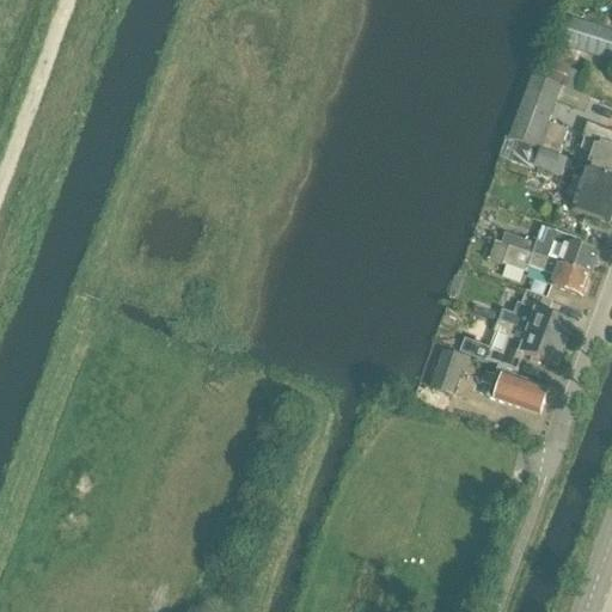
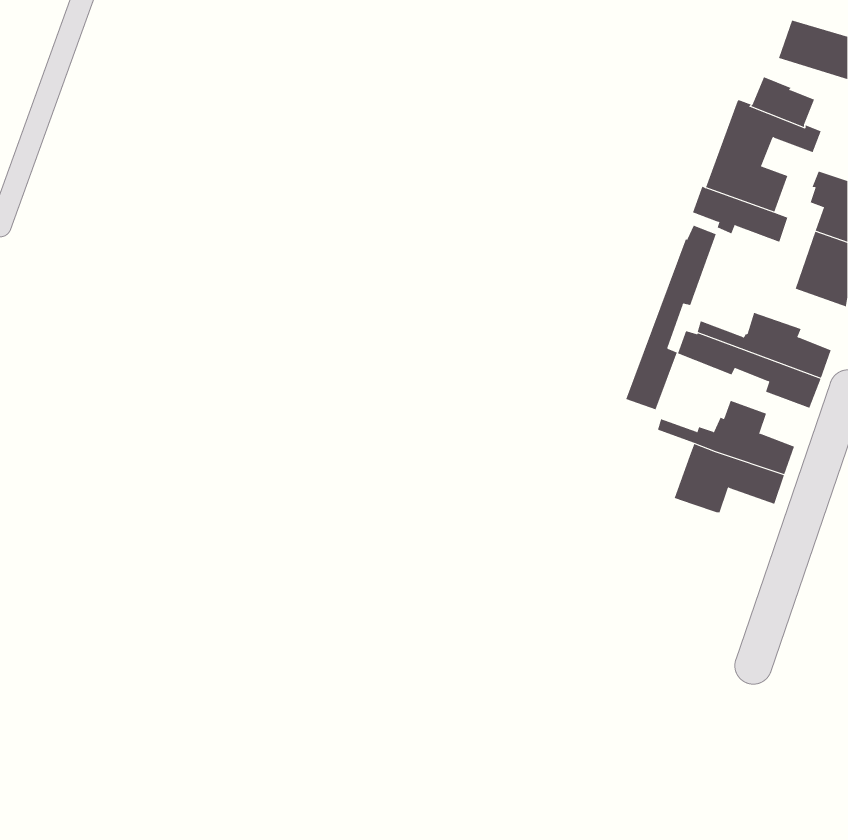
building: none -> [625,225,716,410]
building: [430,348,466,393] -> none
building: [482,363,549,411] -> none

